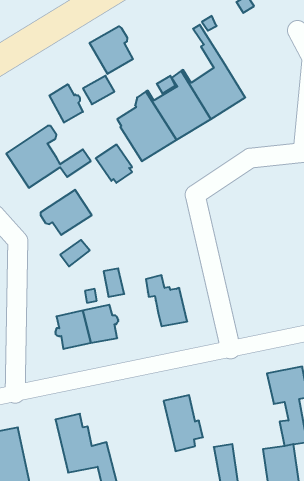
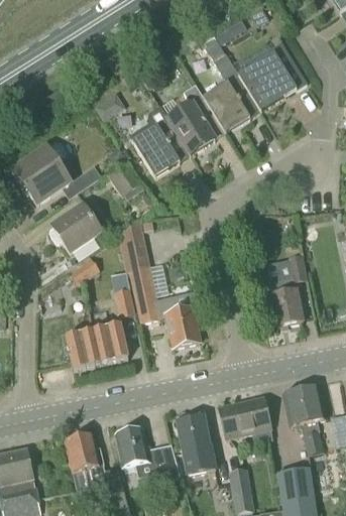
building: [90,26,133,74] -> none
building: none -> [237,39,297,110]
building: [49,84,83,123] -> none
building: none -> [118,218,161,320]
building: none -> [262,253,307,326]
building: none -> [219,397,271,439]
building: none -> [115,426,179,486]

